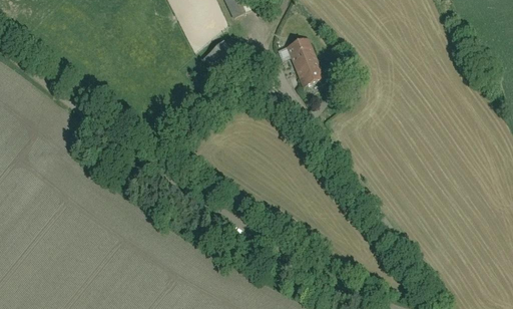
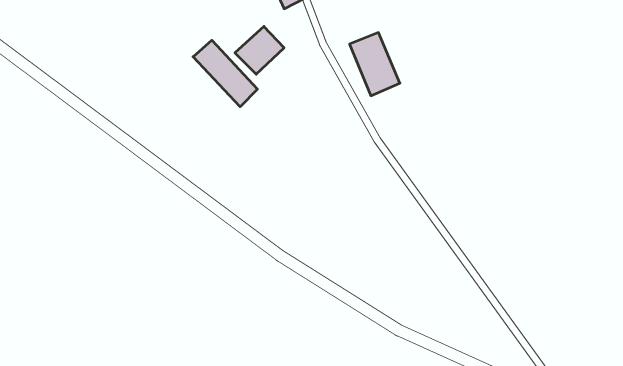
building: none -> [193,40,257,107]

